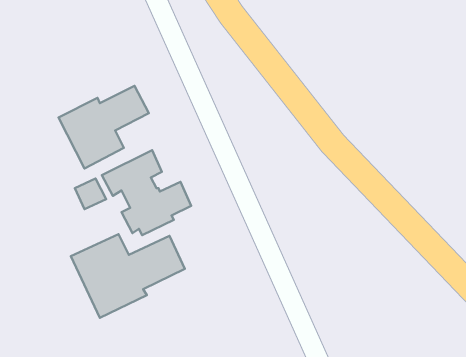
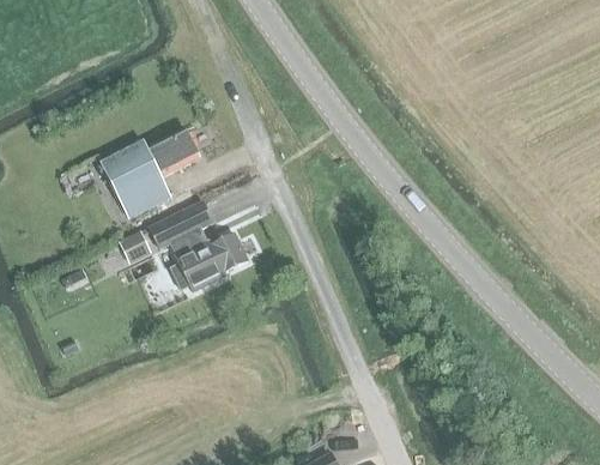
building: [71,234,185,318] -> none

